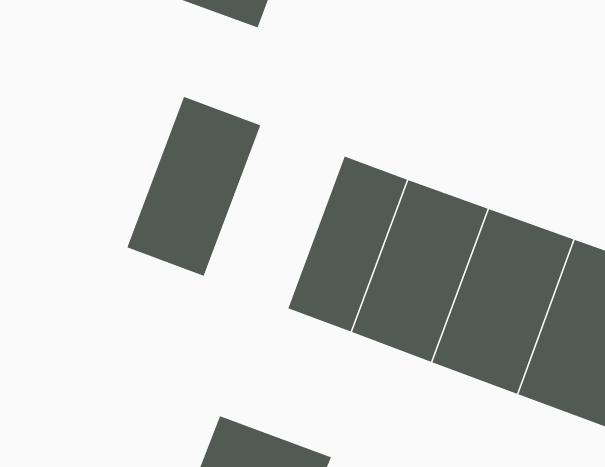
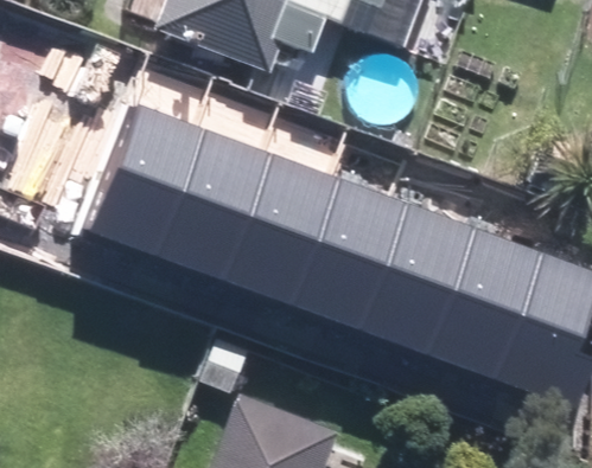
building: none -> [94,102,205,255]
building: none -> [223,150,343,307]

